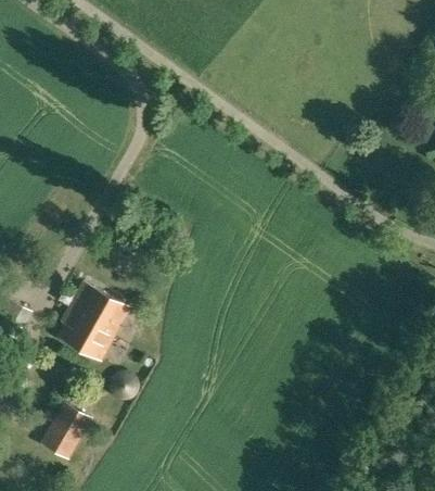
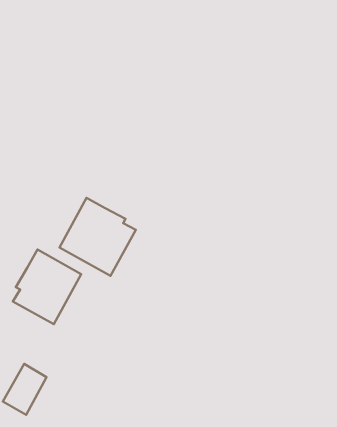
building: none -> [59,198,136,276]

